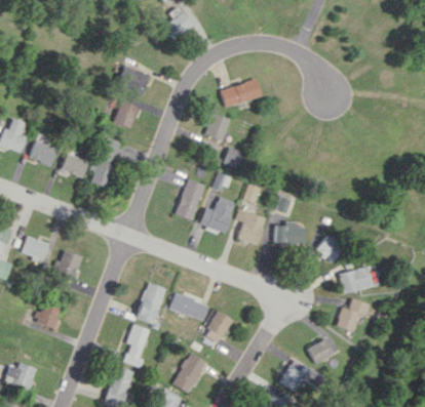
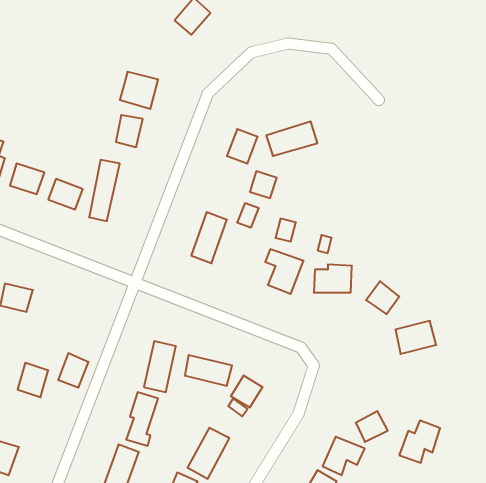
building: [220,79,261,107] -> [266,122,317,156]
building: [199,197,235,233] -> none
building: [57,250,82,278] -> [58,353,89,388]
building: [336,298,369,332] -> [399,421,440,463]

